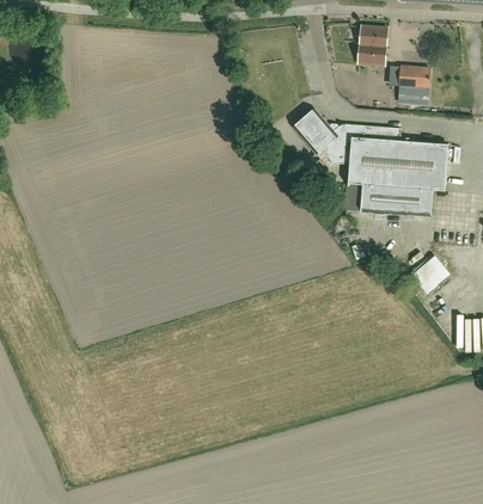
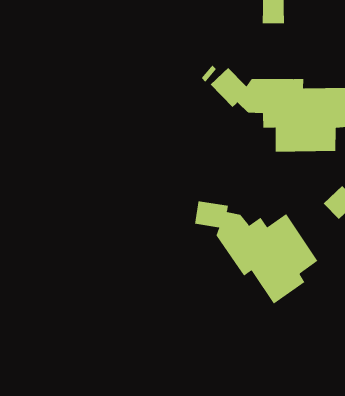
building: [397,64,429,99] -> none
building: none -> [194,200,318,305]

